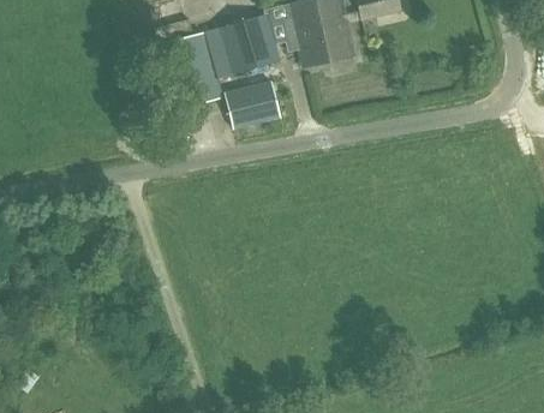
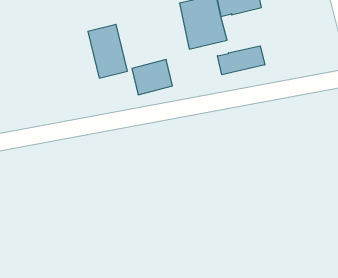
building: [204,14,280,79] -> none
building: none -> [217,46,265,75]

